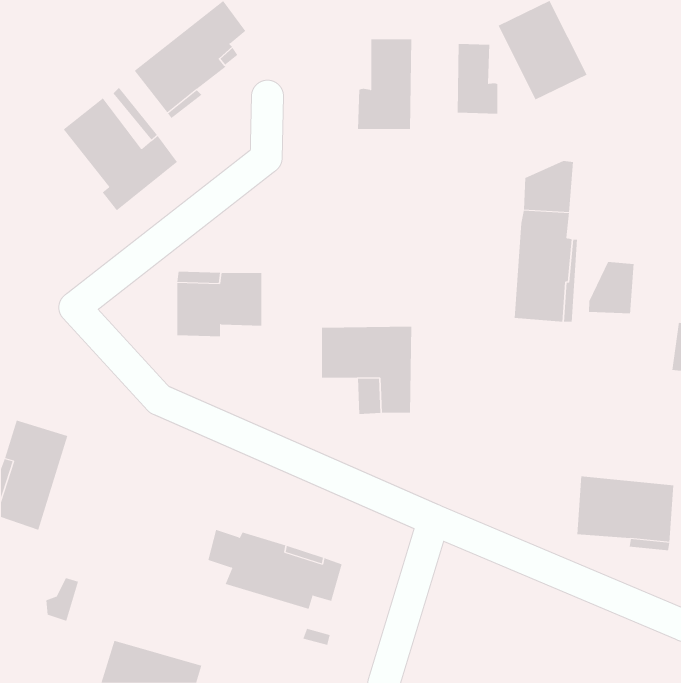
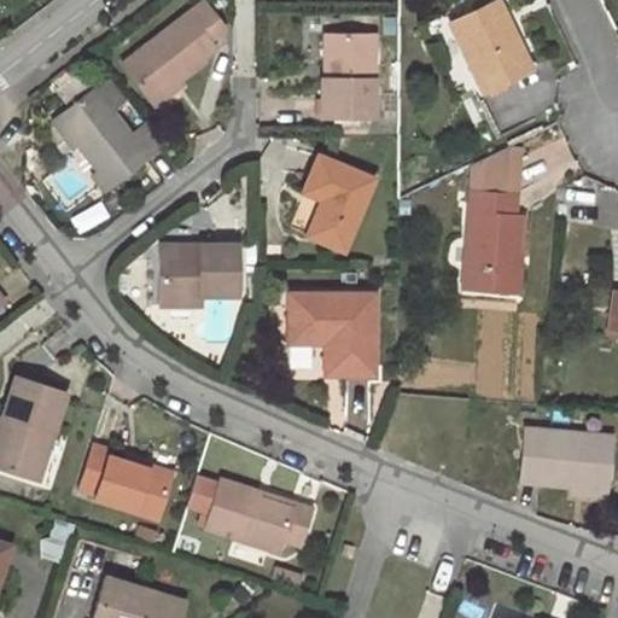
building: [457,43,498,114] -> none
building: none -> [305,157,373,250]
building: [589,261,634,314] -> none
building: none -> [82,447,171,517]

